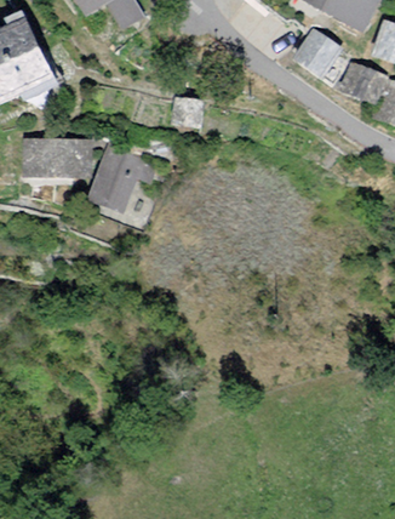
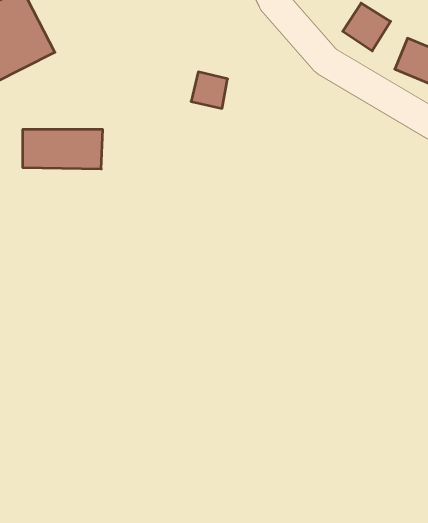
building: [95,143,143,207] -> none

